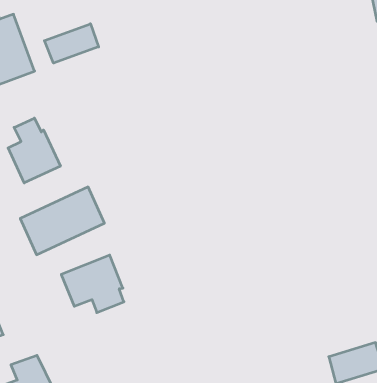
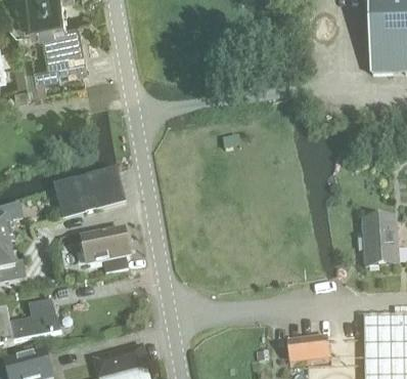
building: [44,24,99,63] -> none
building: [8,118,60,183] -> none

